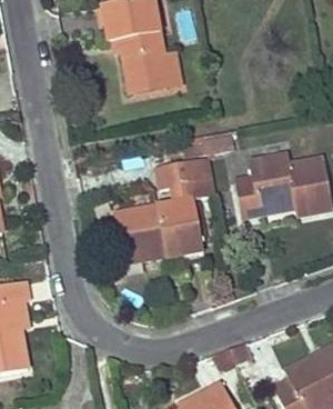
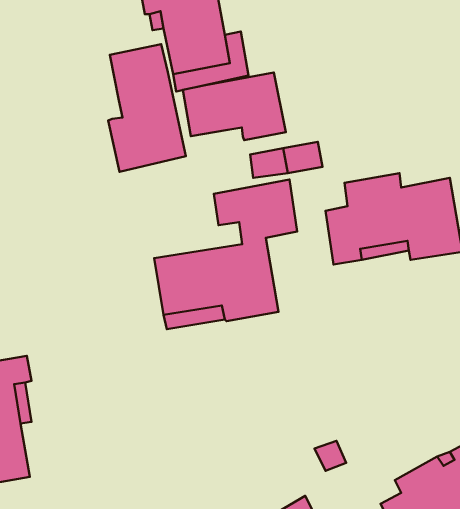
building: none -> [108,44,186,172]
building: none -> [183,73,286,140]

